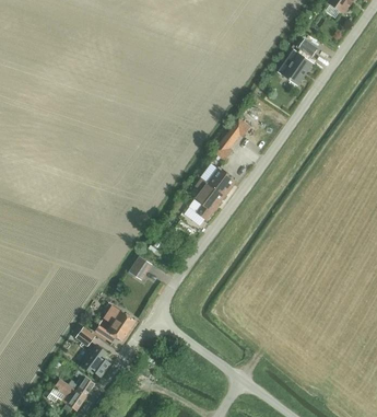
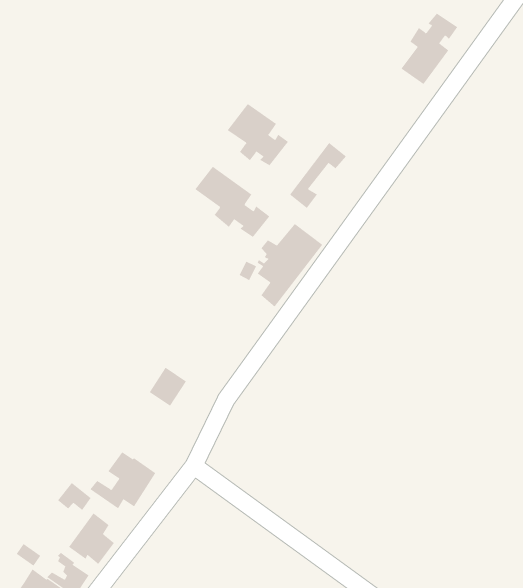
building: none -> [227,103,289,166]
building: none -> [194,166,270,238]

